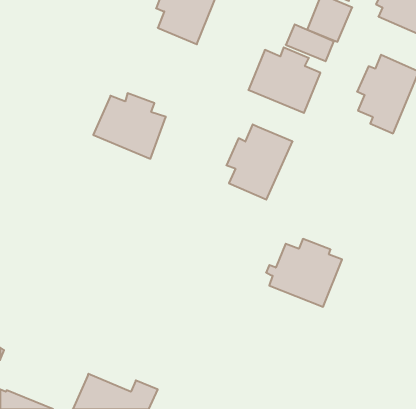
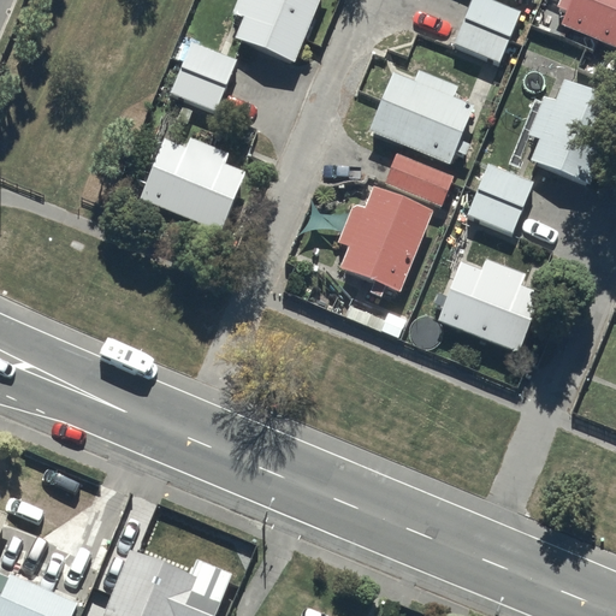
building: [286,24,334,61] -> [383,150,454,205]
building: none -> [171,41,236,109]
building: none -> [467,161,533,232]
building: [266,239,342,307] -> [433,253,545,353]

